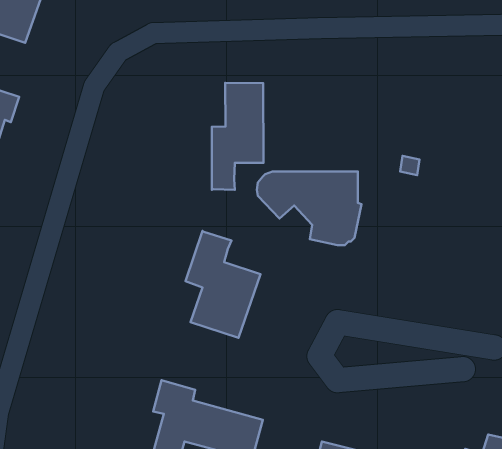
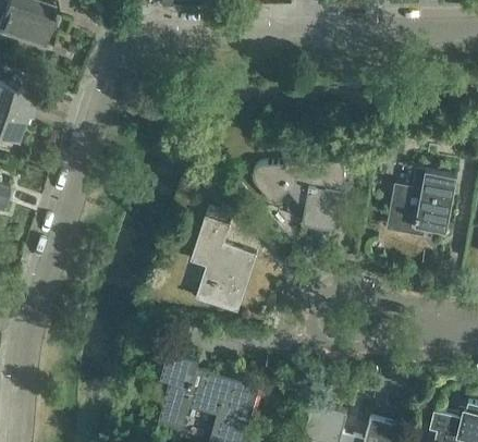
building: [212,83,263,190] -> none
building: none -> [388,169,456,236]

